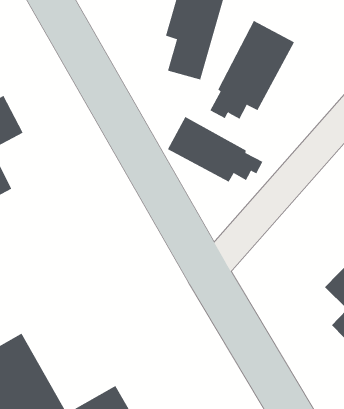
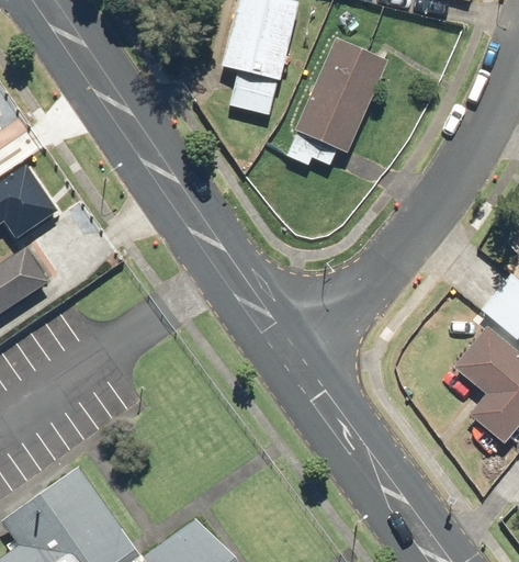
building: [167,116,263,182] -> none

